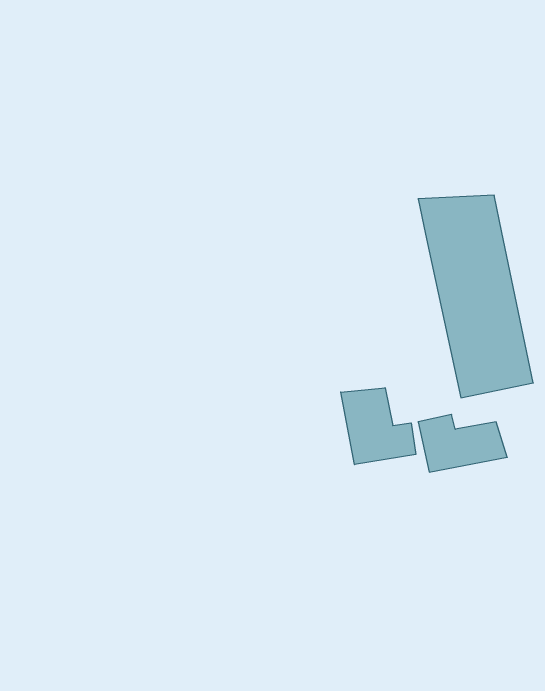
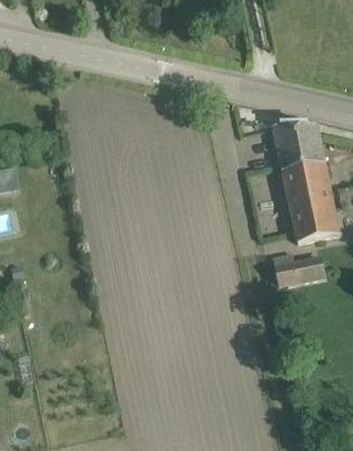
building: [341,388,416,465] -> none

